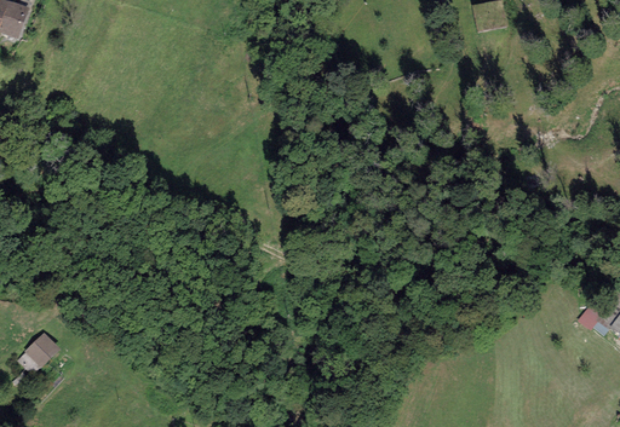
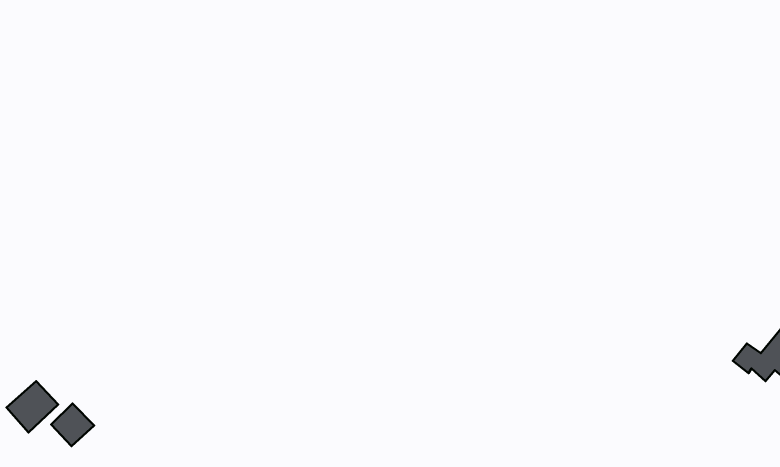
building: none -> [51,404,94,446]

